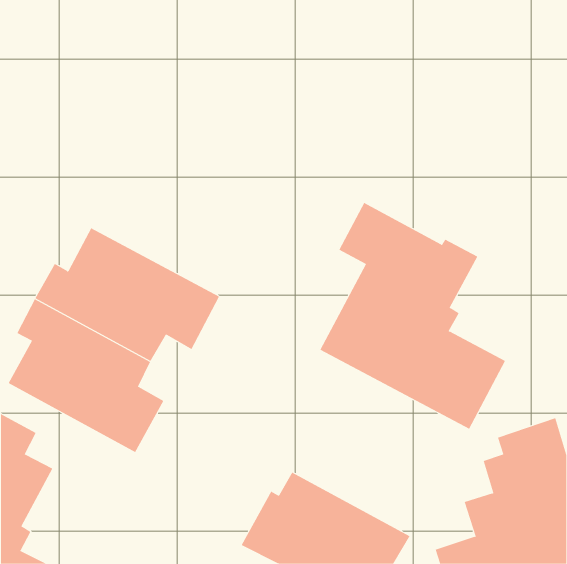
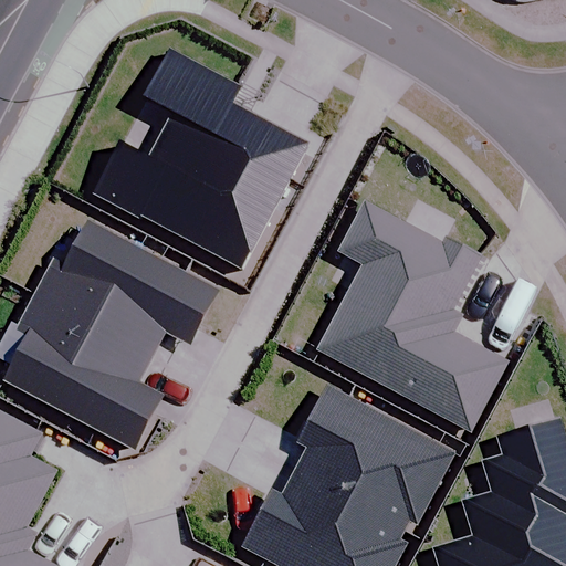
building: none -> [95,55,308,273]
building: none -> [291,384,453,534]

